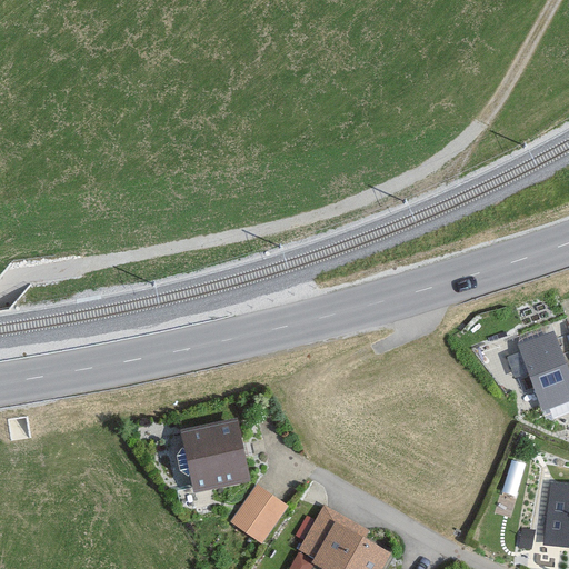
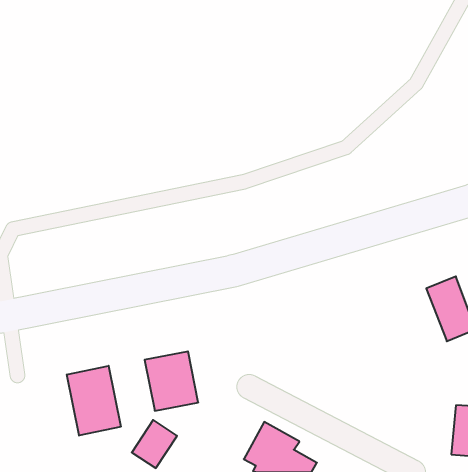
building: none -> [67,366,121,436]
building: [231,487,286,545] -> [132,420,177,468]

